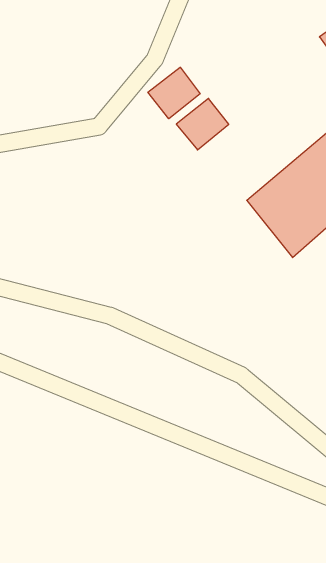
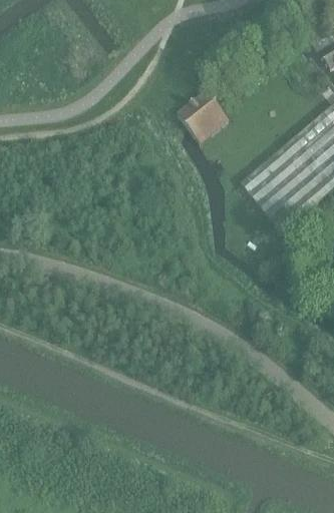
building: [148,67,200,119] -> none

